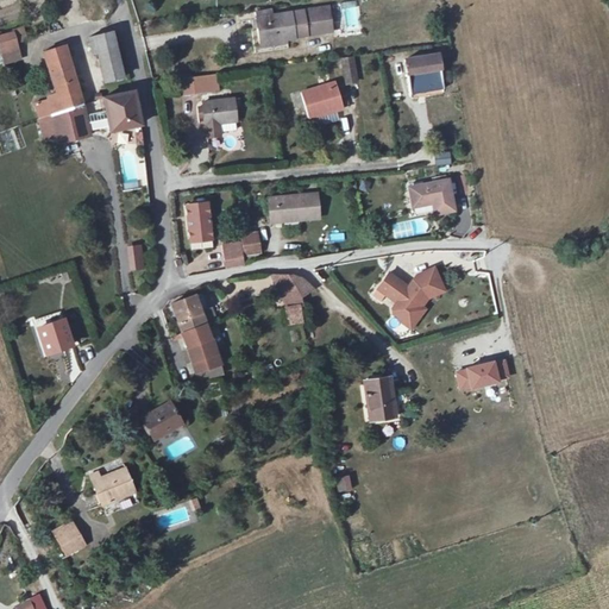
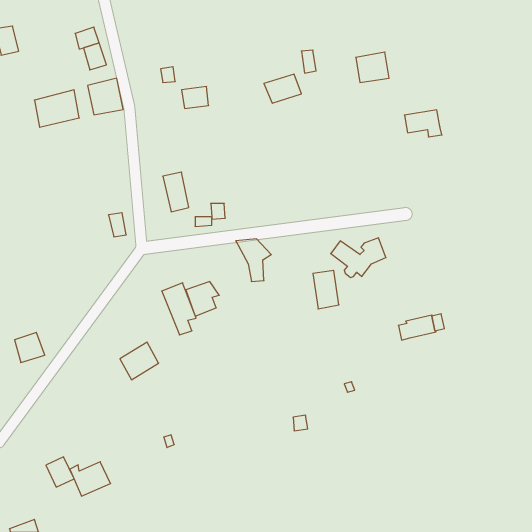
building: [259,8,335,43] -> none
building: [36,44,84,114] -> none
building: [407,180,450,211] -> [404,110,442,137]
building: [274,195,325,221] -> none
building: [174,293,212,332] -> [186,282,219,316]
building: [36,320,70,354] -> [15,332,45,363]
building: [366,375,396,419] -> [313,270,339,309]
building: [90,464,137,503] -> [70,462,111,496]

